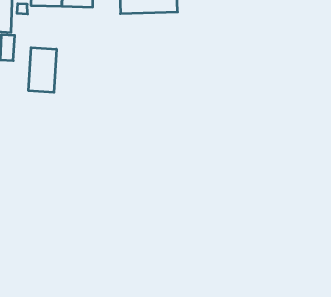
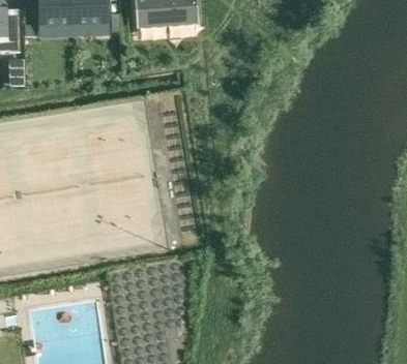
building: [29,48,56,92] -> none

